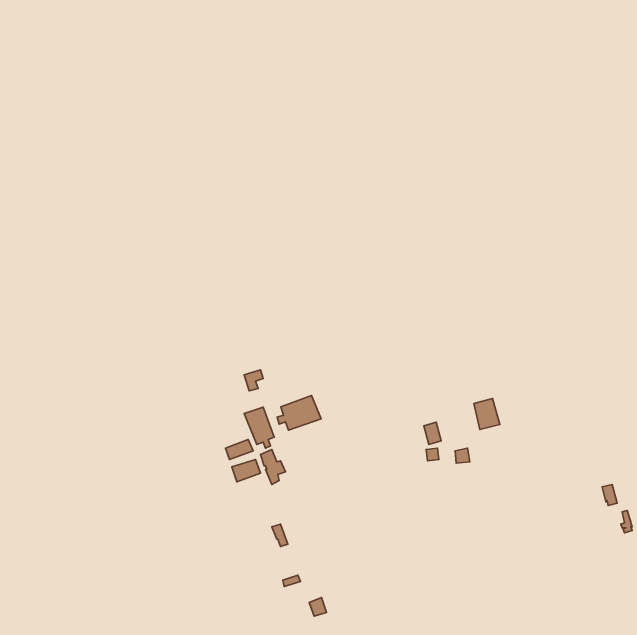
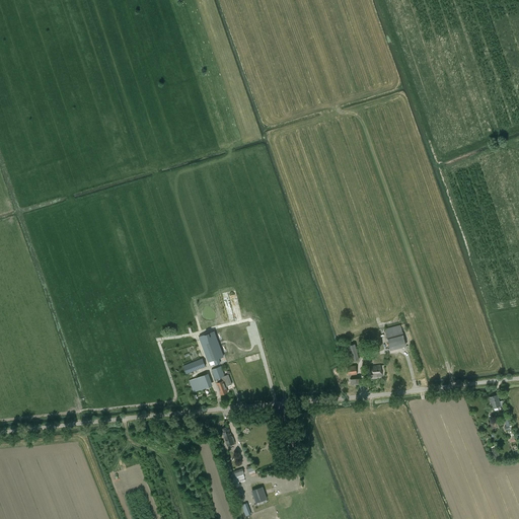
building: [277,395,321,430] -> none

